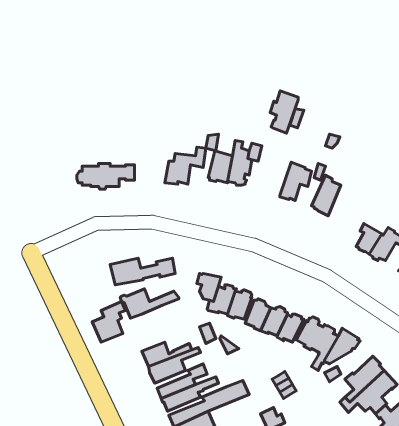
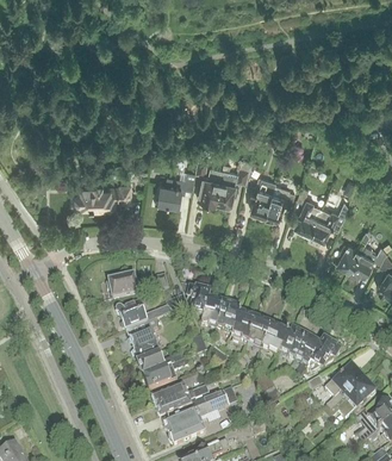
building: [270,91,298,133] -> [250,176,276,216]
building: none -> [311,200,349,239]
building: [92,301,125,342] -> [129,318,160,356]

